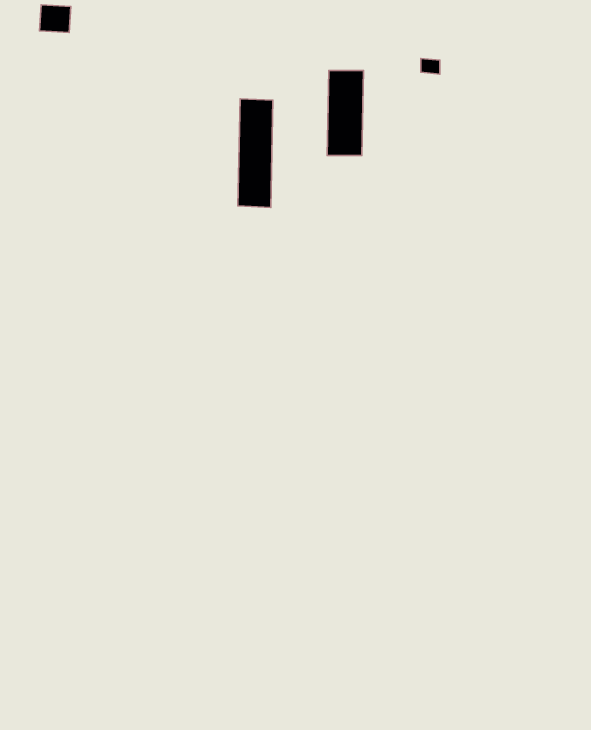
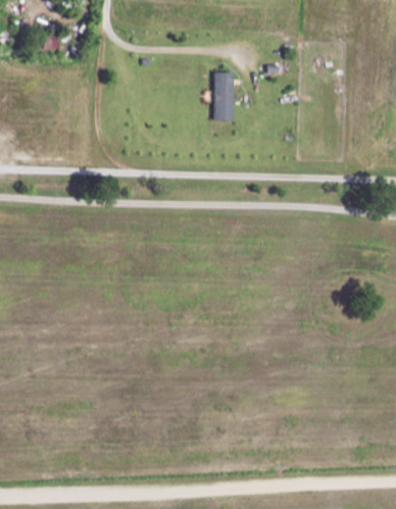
building: [238,99,273,207] -> none

